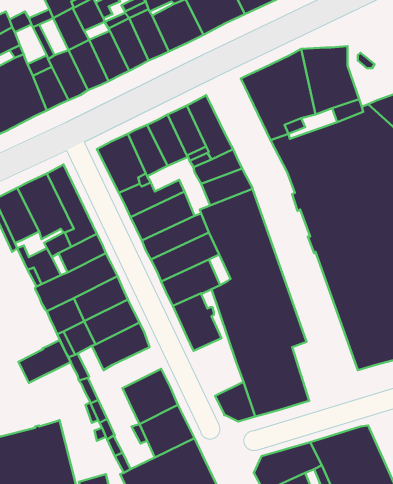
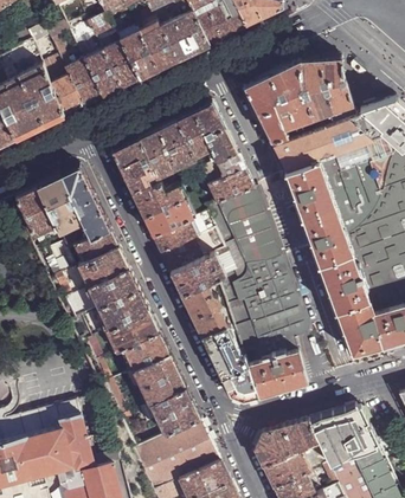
building: none -> [200,325,246,379]
building: [19,340,71,383] -> none
building: none -> [126,334,171,371]

